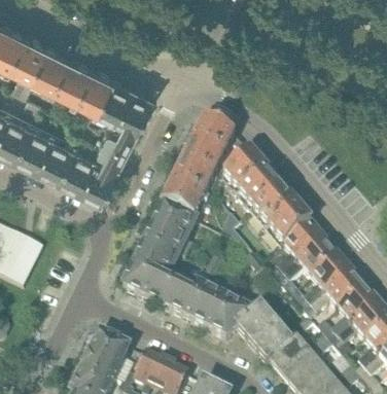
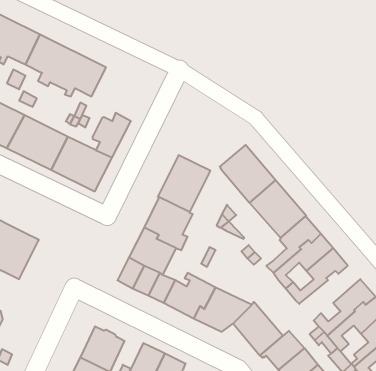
building: [94,72,151,126] -> none
building: [182,117,235,175] -> none
building: [303,270,363,315] -> none

